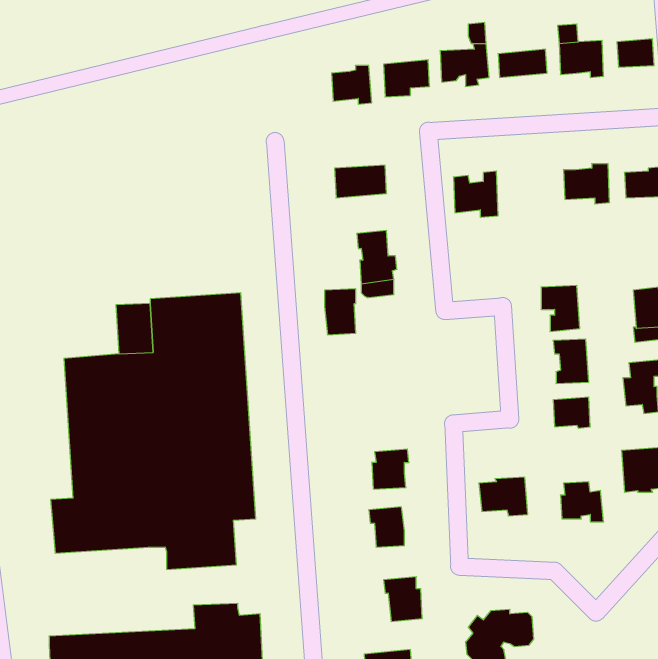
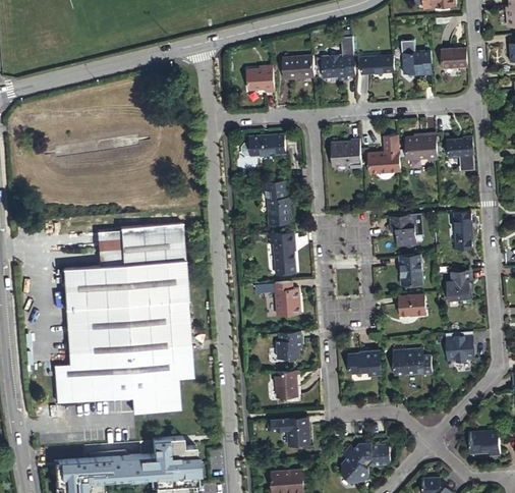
building: none -> [367,136,399,174]
building: [325,289,356,335] -> [272,234,293,266]
building: none -> [273,282,298,316]

